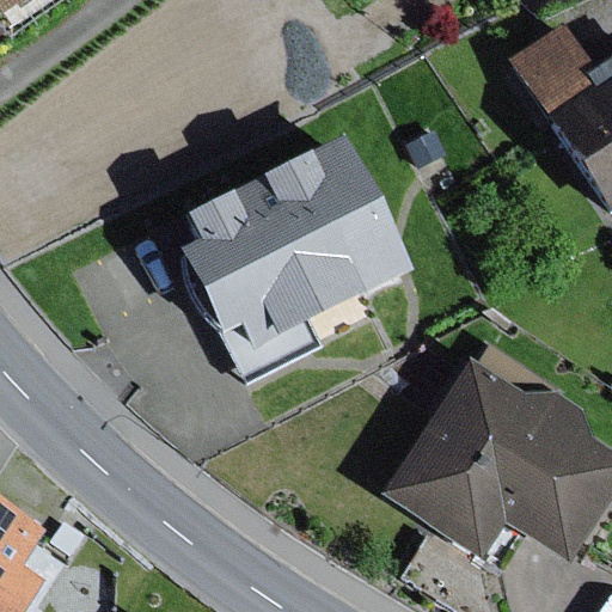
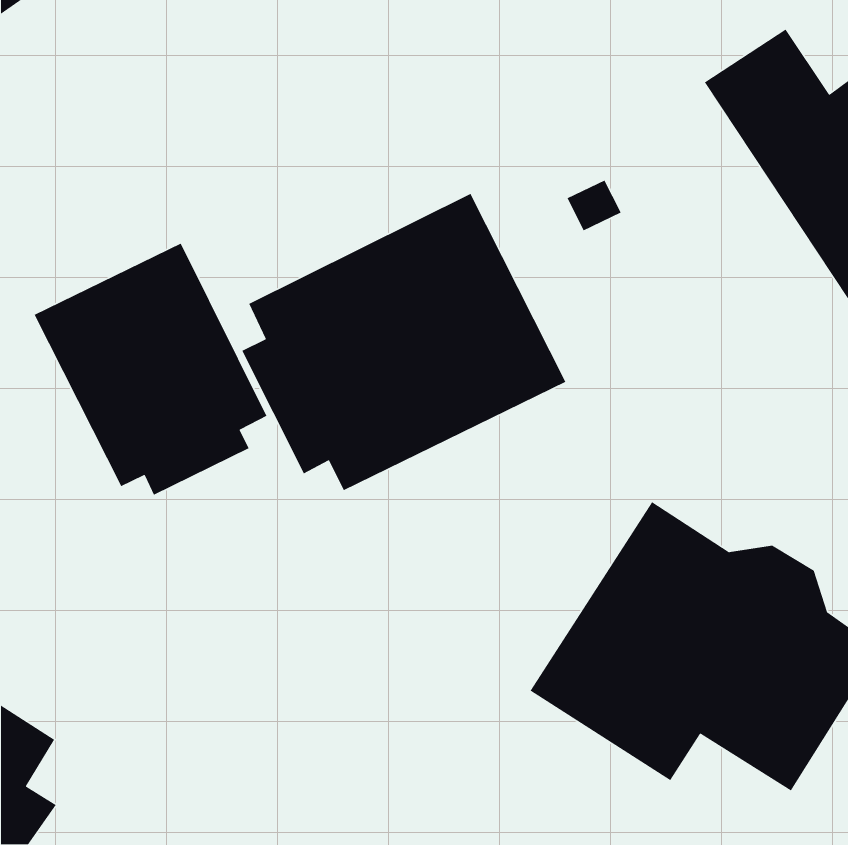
building: none -> [34,242,267,496]

